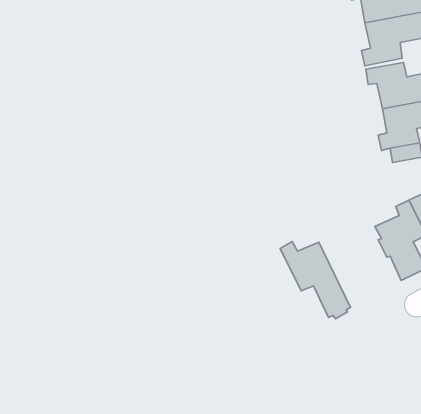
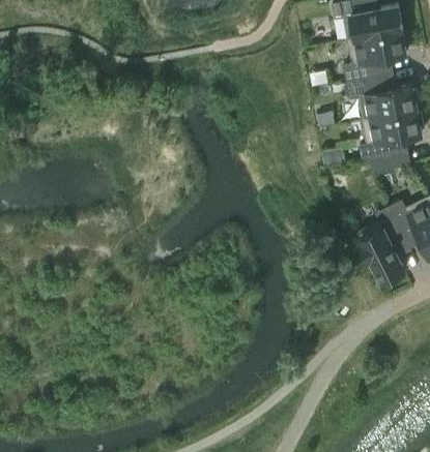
building: [280,242,351,319] -> none

